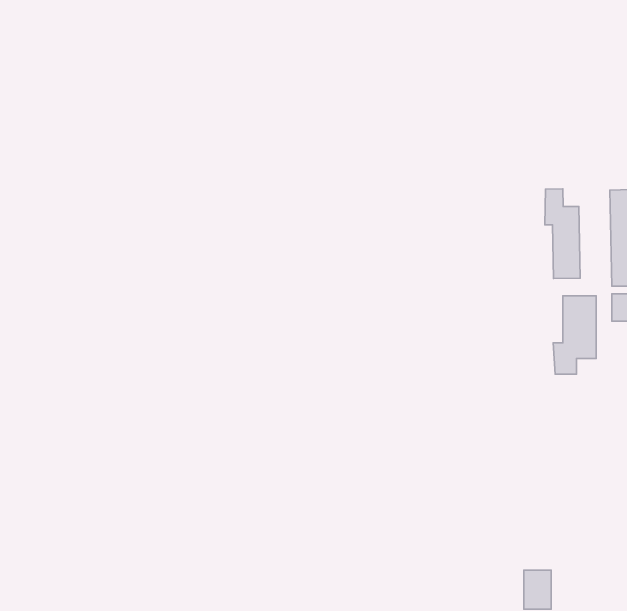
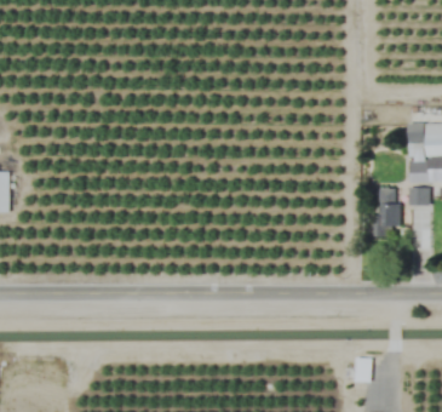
building: [545,189,580,279] -> none

